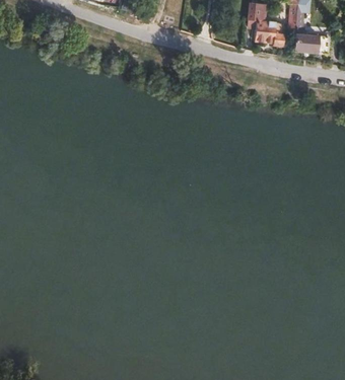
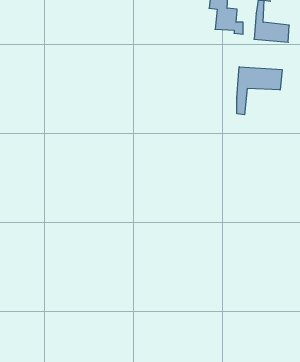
building: none -> [237,67,282,115]

